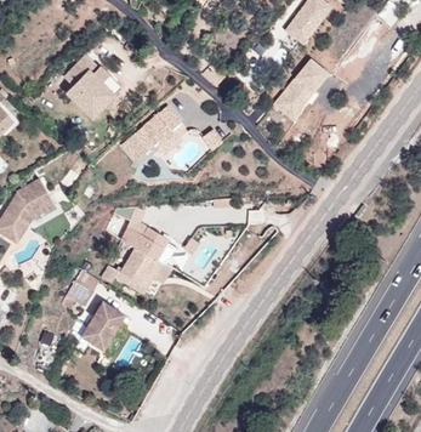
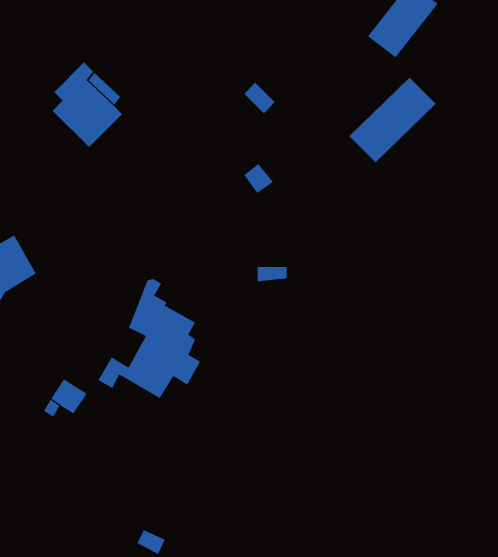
building: [120,100,182,158] -> none
building: [79,302,121,348] -> none

